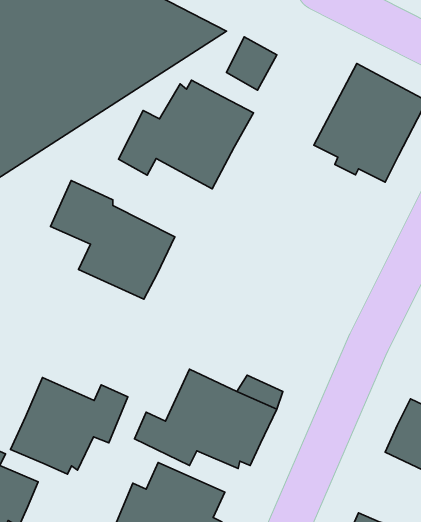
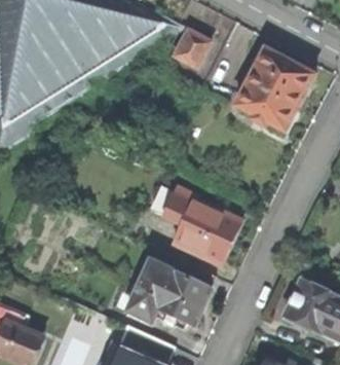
building: [118,80,253,189] -> none
building: [50,180,175,299] -> [154,180,240,262]
building: [10,378,128,474] -> none

